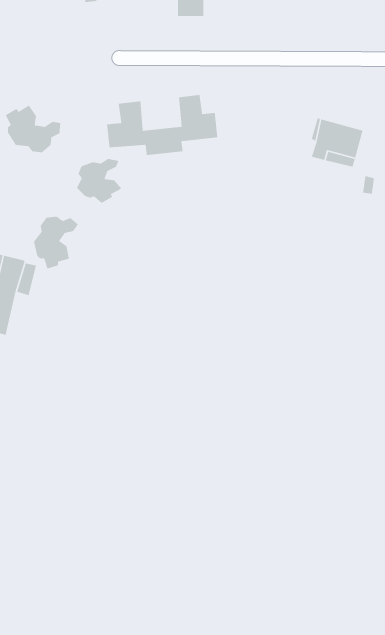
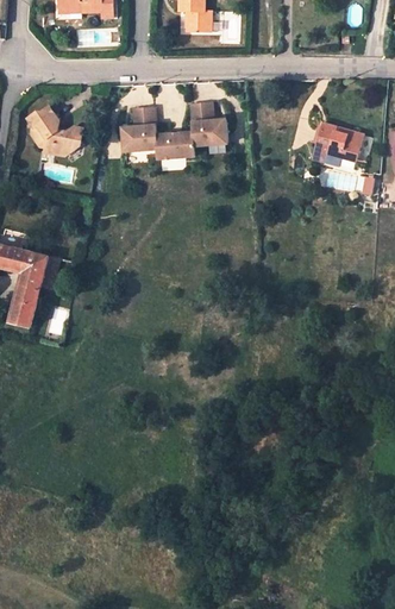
building: [76,158,123,204] -> none
building: [33,216,79,270] -> none

